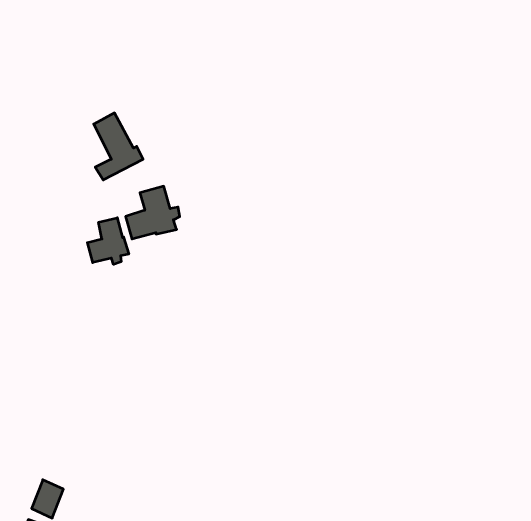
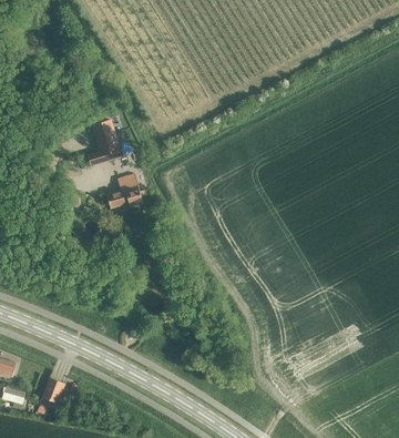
building: [87,218,129,264] -> none

